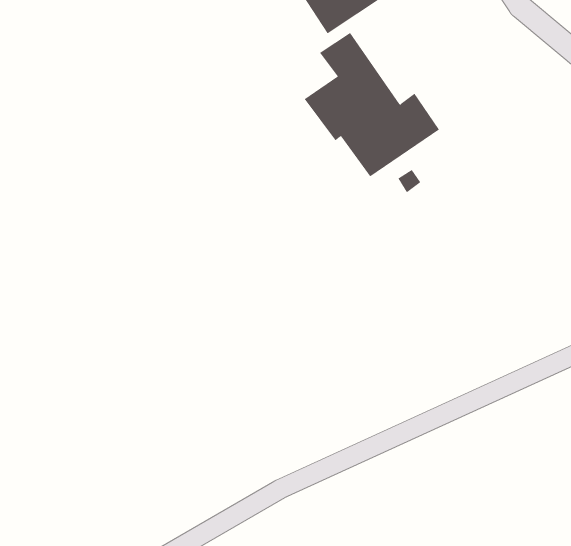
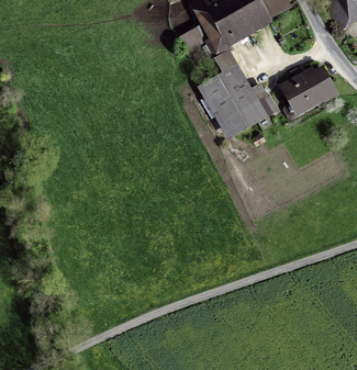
building: none -> [281,65,336,115]

